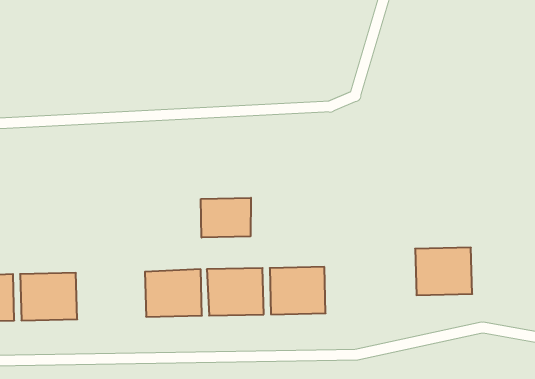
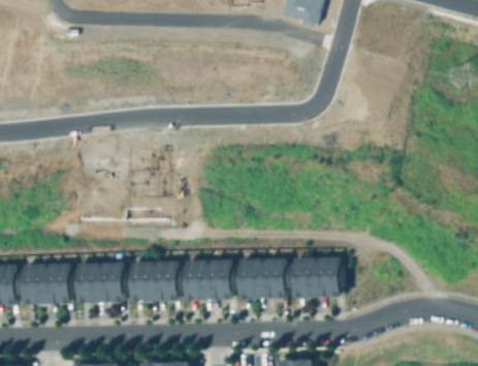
building: [201,198,251,238] -> none
building: [415,248,472,295] -> [290,256,340,298]
building: none -> [74,262,123,303]

